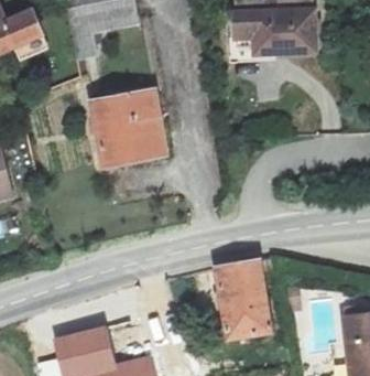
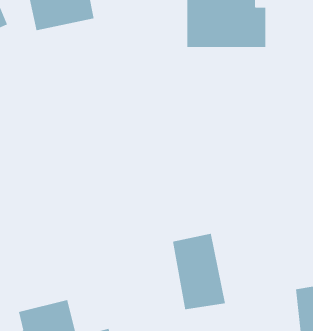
building: [94,87,167,169] -> none

